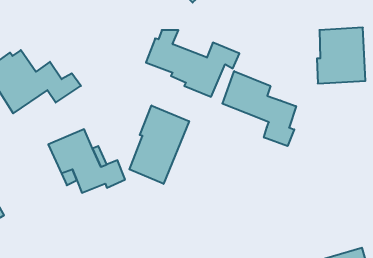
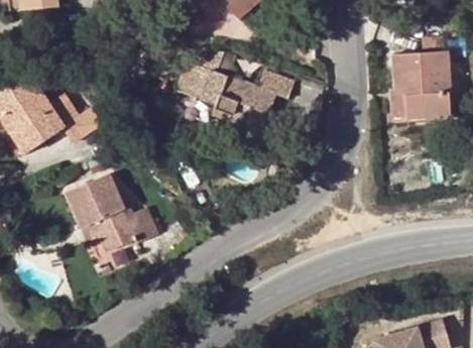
building: [222,71,296,146] -> none
building: [129,105,189,184] -> none

